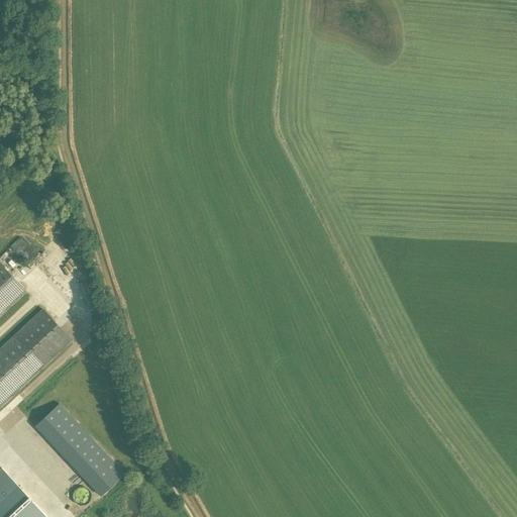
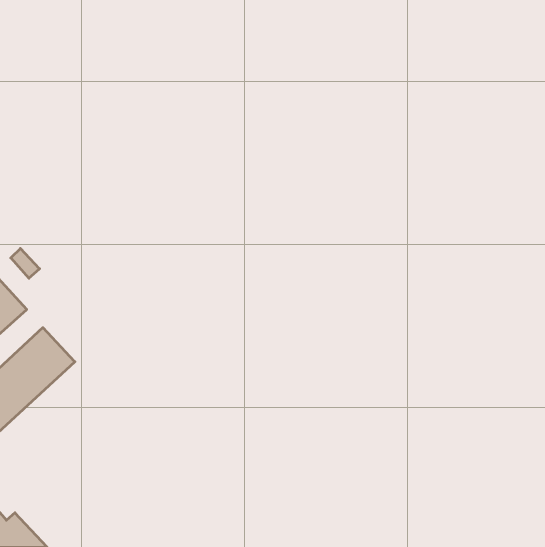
building: [30,400,122,495] -> none

